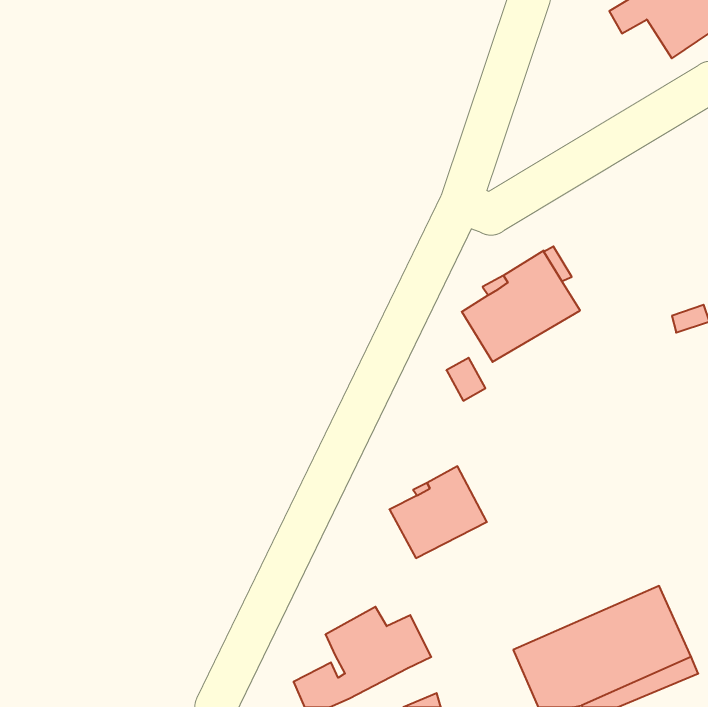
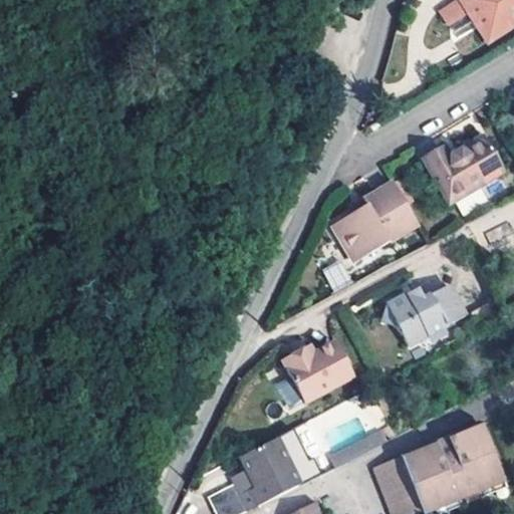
building: none -> [423,137,503,203]
building: none -> [373,288,460,349]

